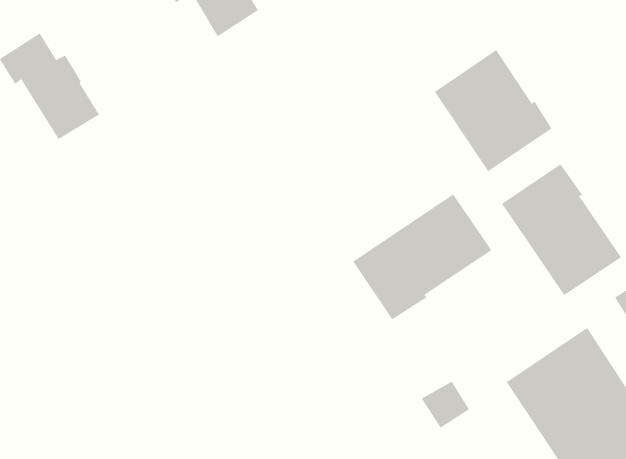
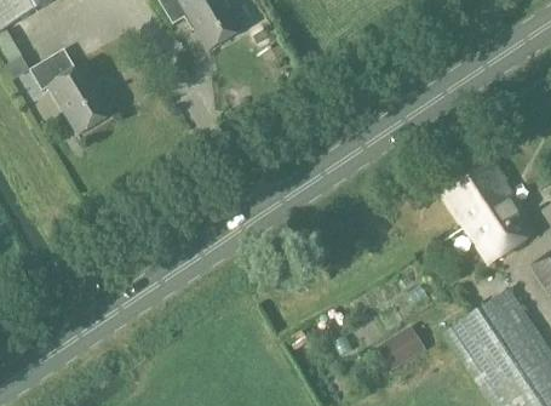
building: [434,49,552,172] -> none
building: [352,193,492,320] -> none

